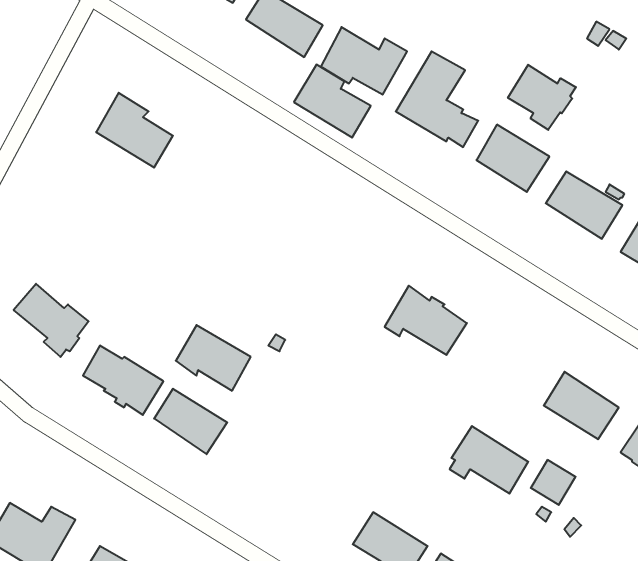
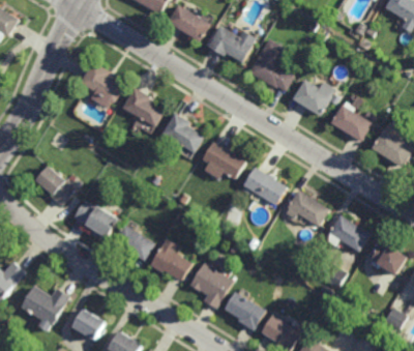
building: [294,65,371,138] -> [160,114,203,154]
building: [508,65,576,130] -> none
building: none -> [123,87,162,125]
building: none -> [202,142,244,180]
building: [176,325,251,391] -> [149,246,190,283]
building: [450,426,528,494] -> [286,191,329,228]
building: none -> [187,264,232,311]

